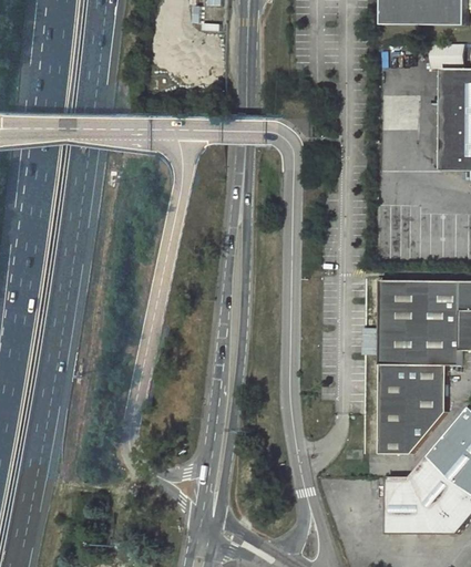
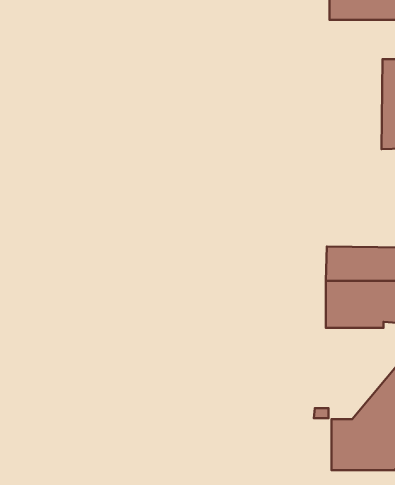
building: [379,371,446,453] -> none

